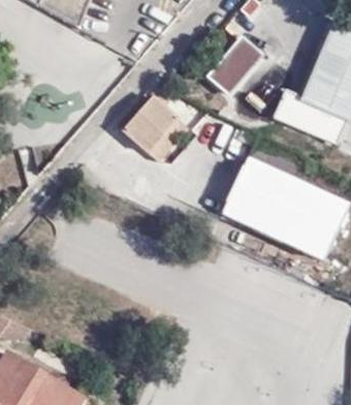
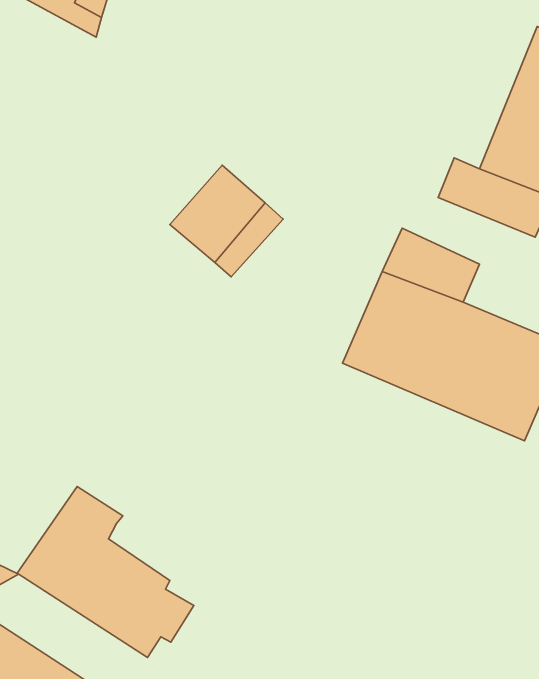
building: [208,38,260,91] -> none
building: none -> [17,486,194,658]

